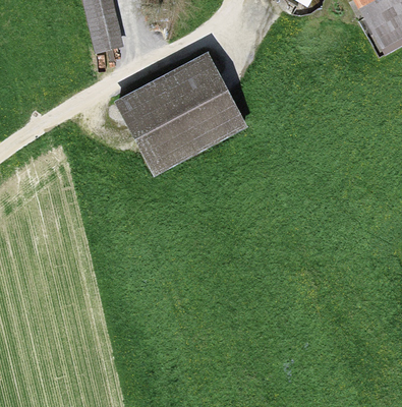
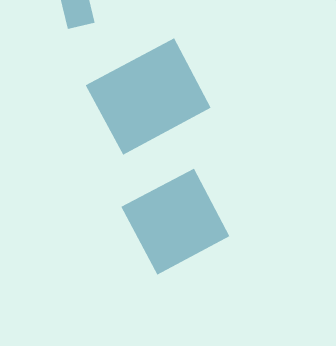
building: none -> [121,168,230,276]

